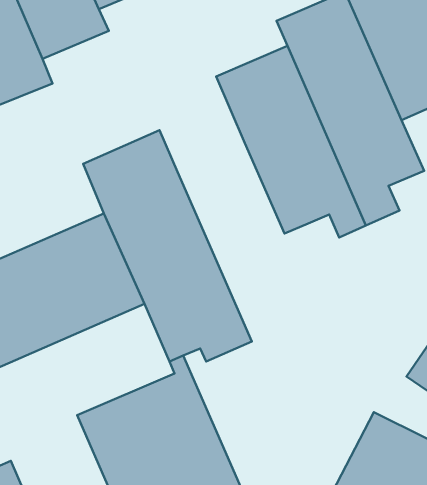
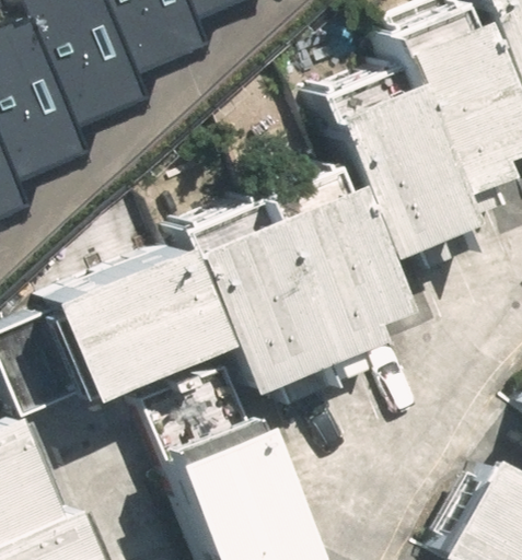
building: none -> [236,175,398,394]

